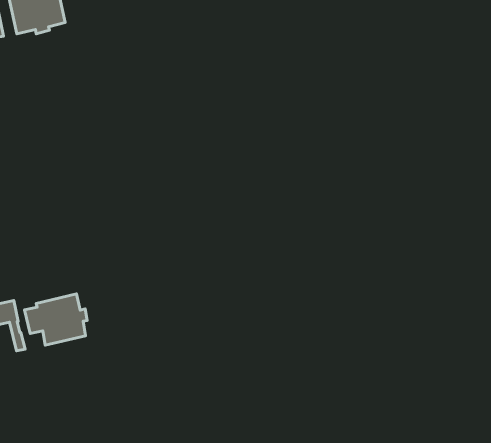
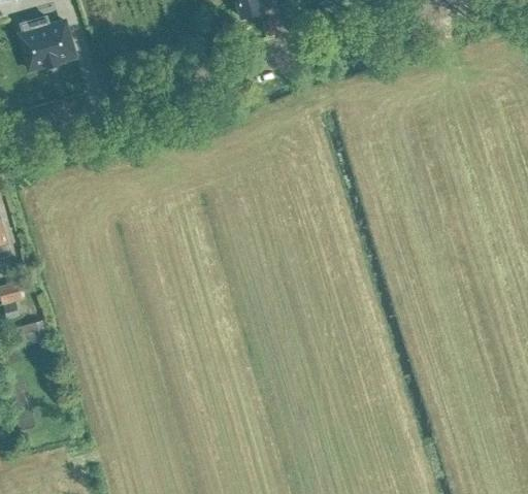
building: [24,294,87,345] -> none

